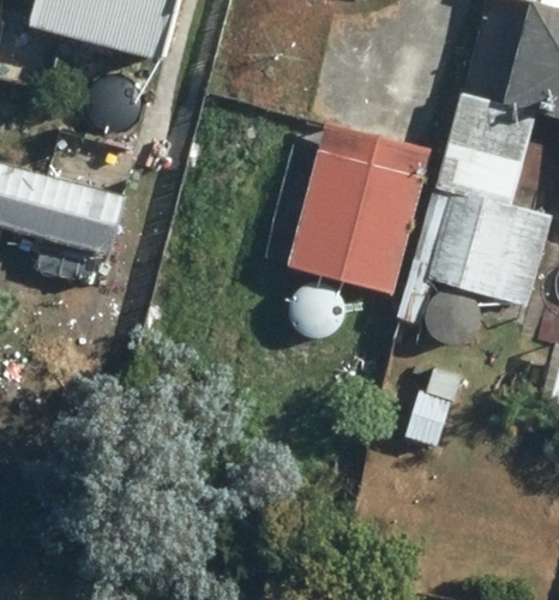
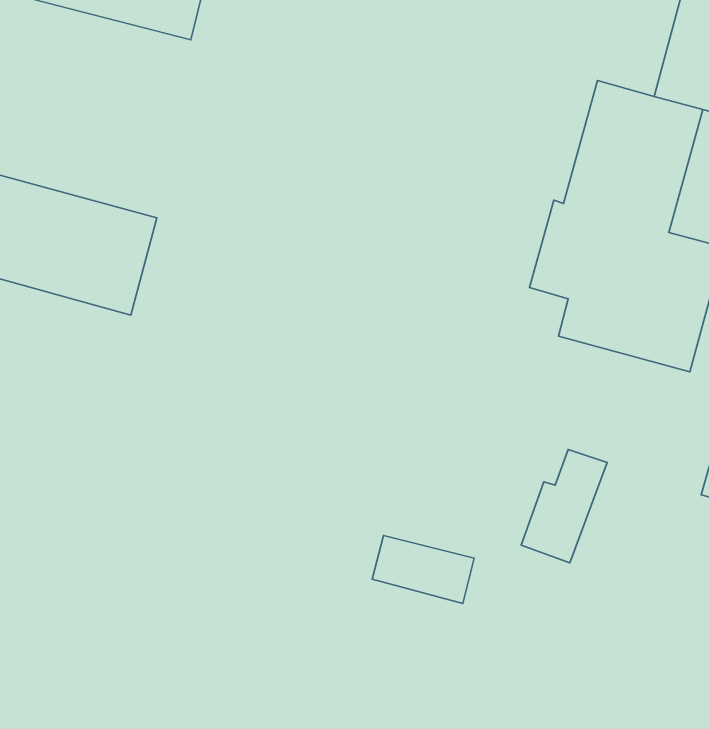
building: [284,146,423,293] -> none

